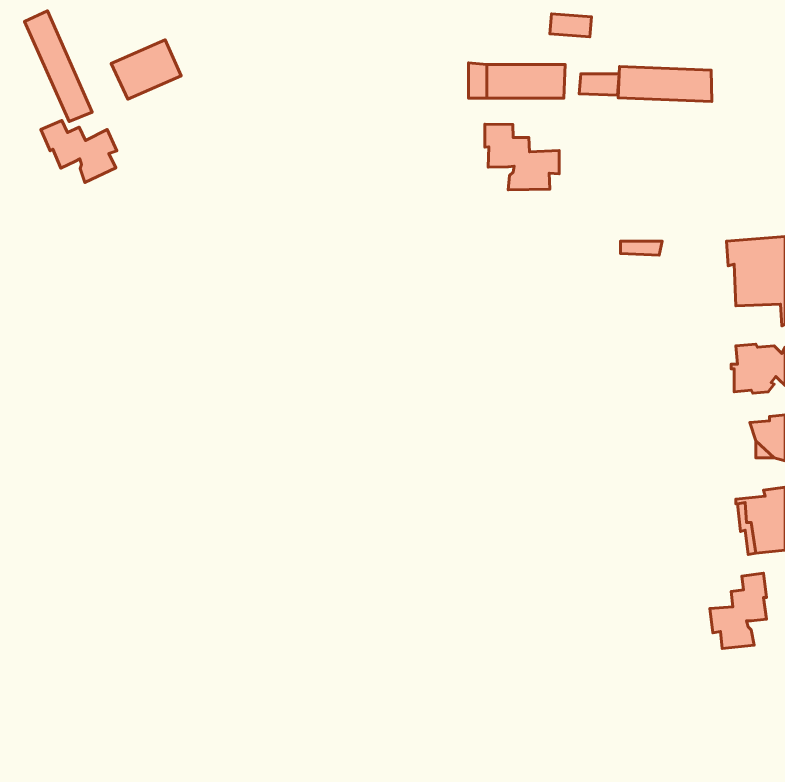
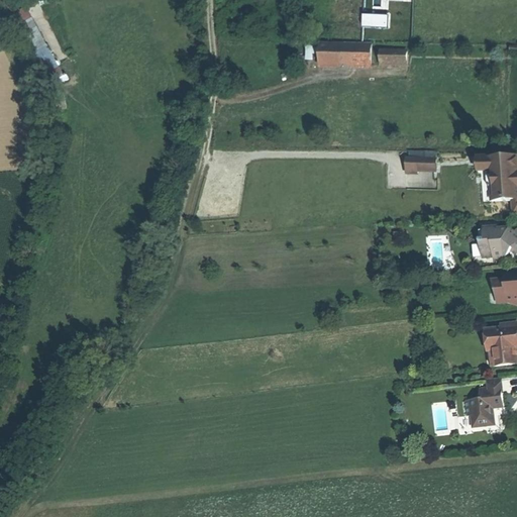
building: [111,40,181,99] -> none
building: [618,67,712,101] -> none
building: [41,121,117,182] -> none
building: [485,124,559,190] -> none

